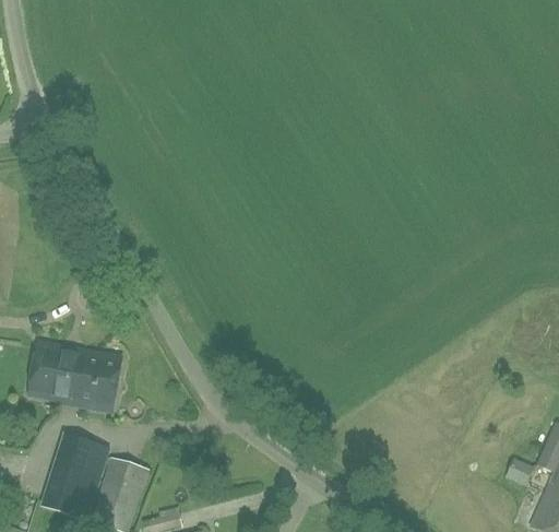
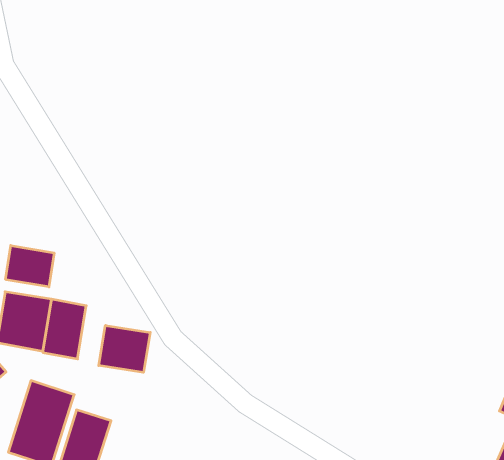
building: none -> [6,245,54,287]
building: none -> [99,325,150,372]

